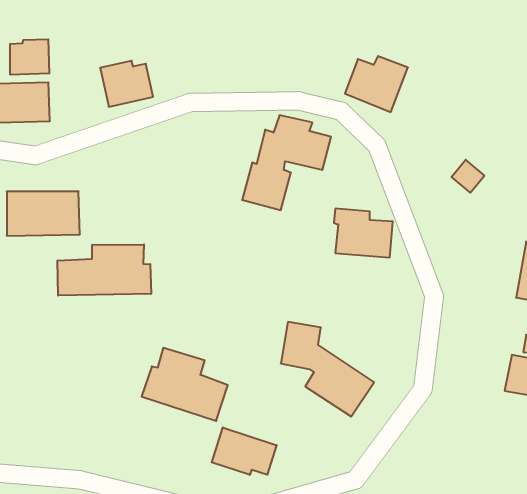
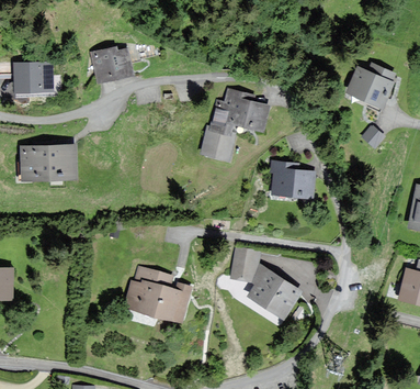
building: [10,39,49,75] -> none
building: [345,56,408,112] -> [345,64,394,107]
building: [58,244,151,296] -> none
building: [212,427,277,475] -> none

